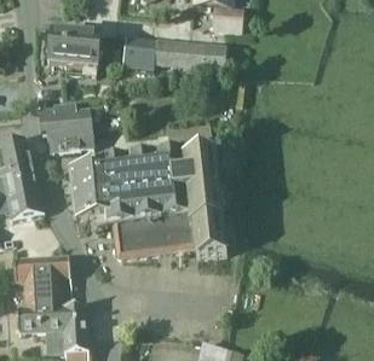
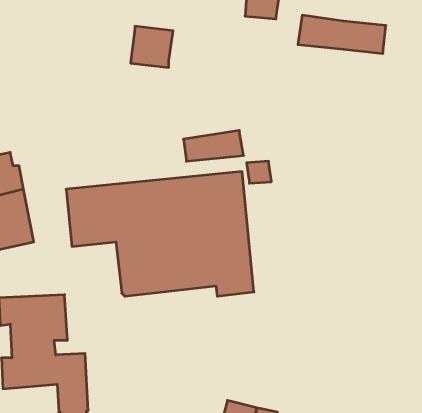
building: [48,28,99,66] -> none
building: [154,37,226,69] -> [298,15,386,53]
building: [38,105,122,150] -> none

